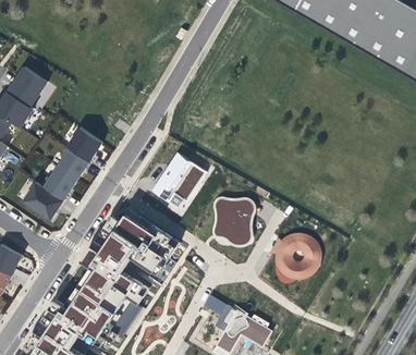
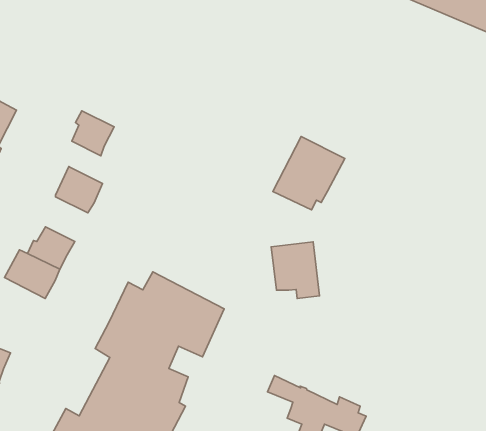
building: [58,147,89,181] -> [72,111,114,156]
building: [152,152,207,206] -> [273,136,345,210]
building: [270,235,319,277] -> none

